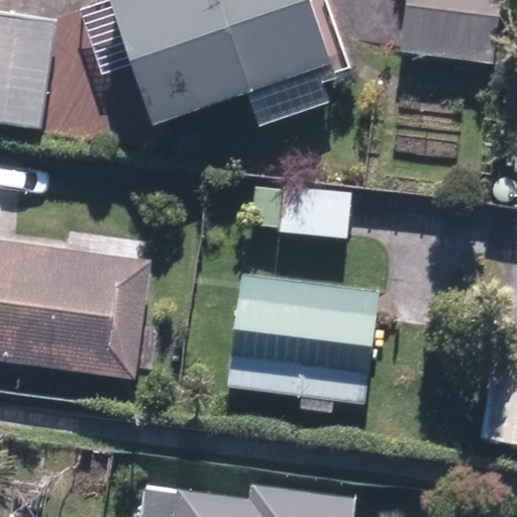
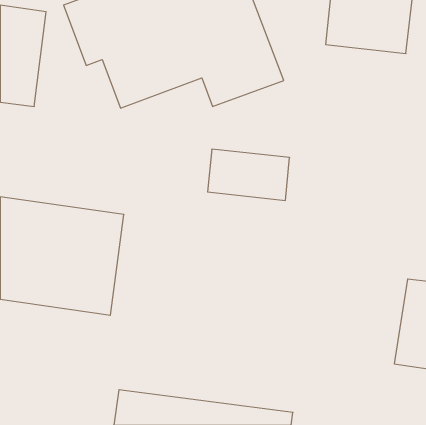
building: [220,273,381,409] -> none

